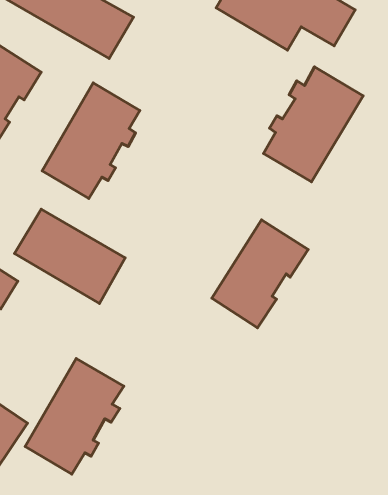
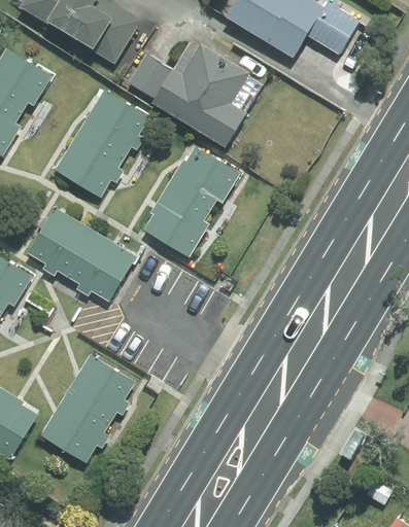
building: none -> [123,37,263,144]
building: [263,67,363,182] -> none
building: [212,220,308,328] -> [144,150,238,255]

